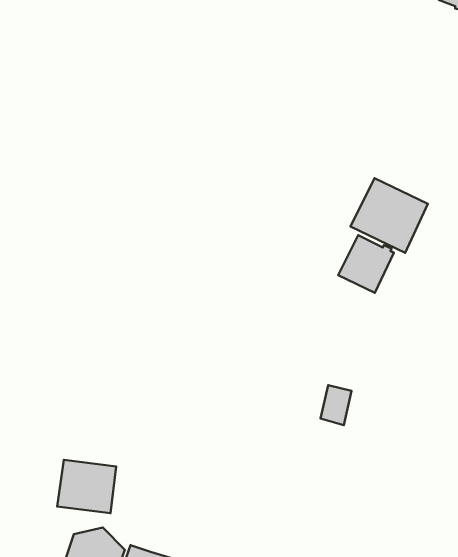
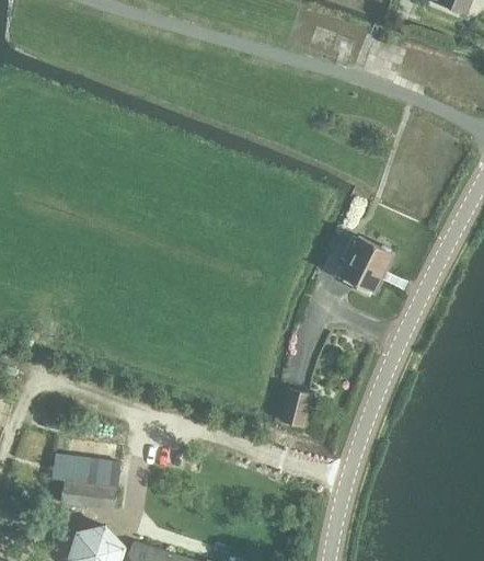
building: [351,178,428,253] -> none
building: [321,385,352,425] -> [280,388,311,427]

